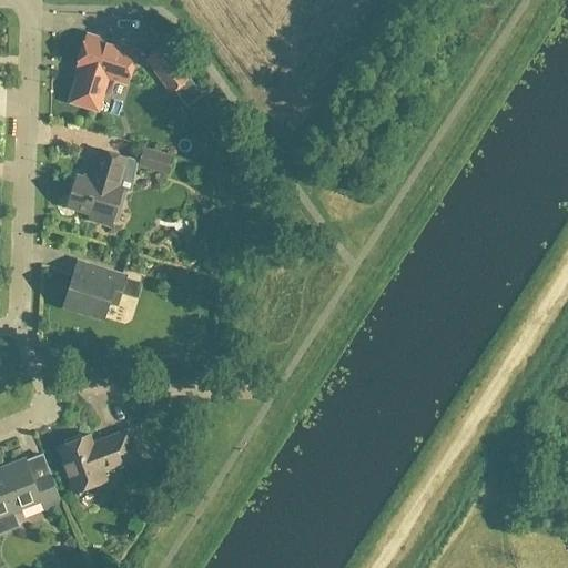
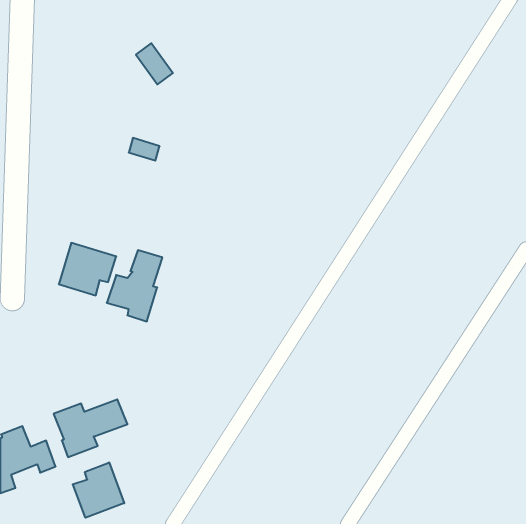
building: [71,36,135,110] -> none
building: [67,150,126,226] -> [107,250,162,321]
building: none -> [73,462,124,518]

